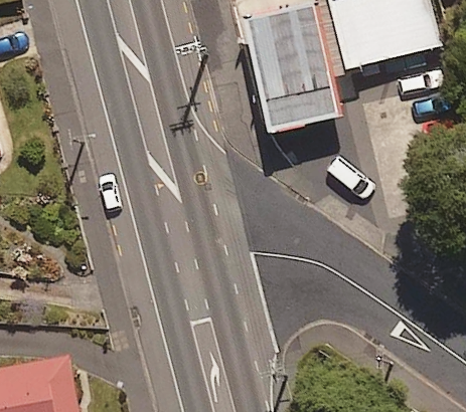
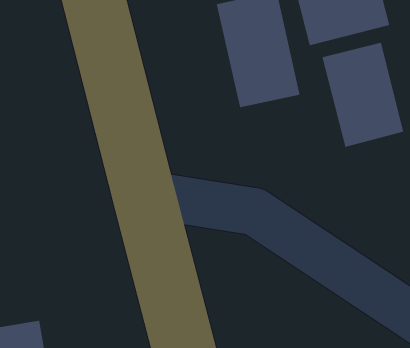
building: none -> [321,42,404,148]

